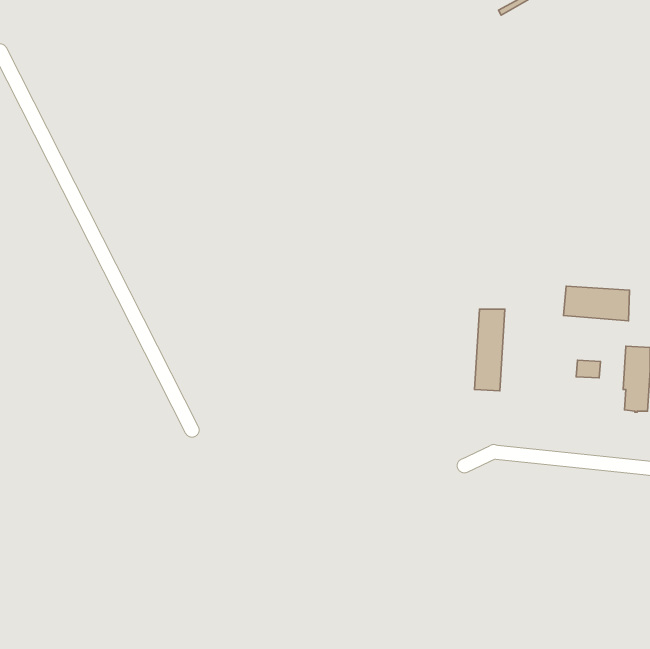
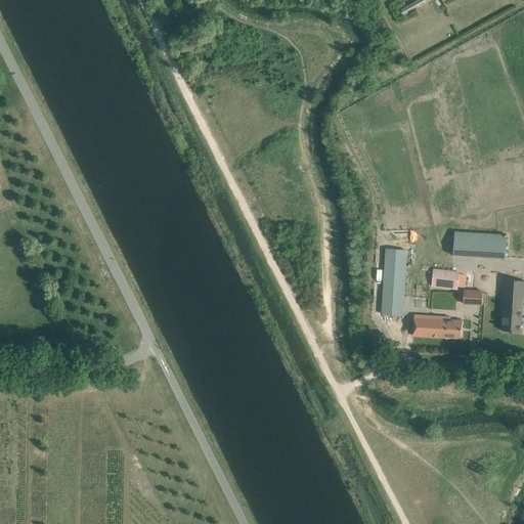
building: none -> [432,268,458,288]
building: none -> [413,314,463,338]

